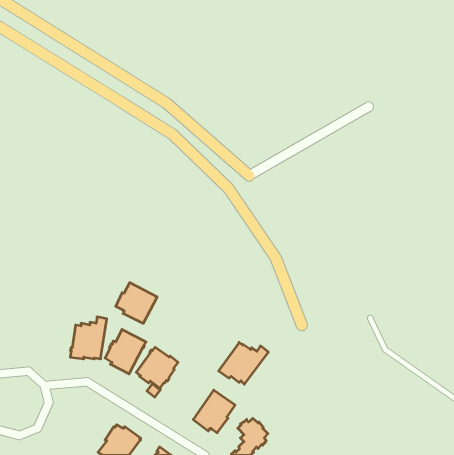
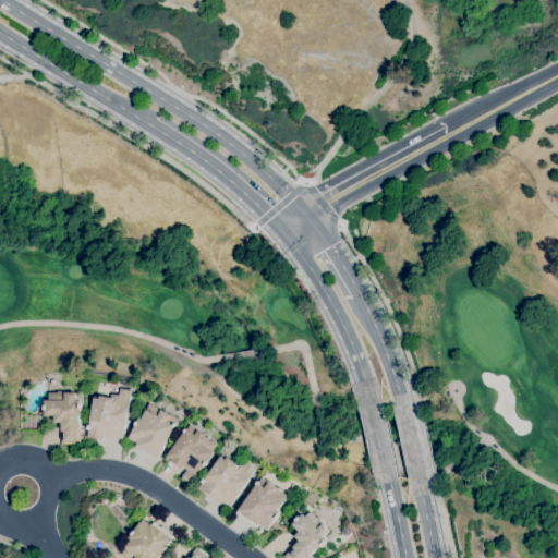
building: [116,283,157,323] -> none
building: none -> [43,391,81,445]
building: [219,342,268,384] -> [197,454,258,506]

